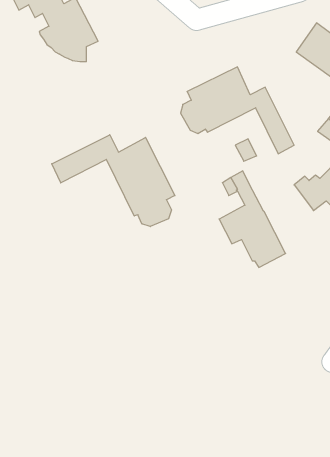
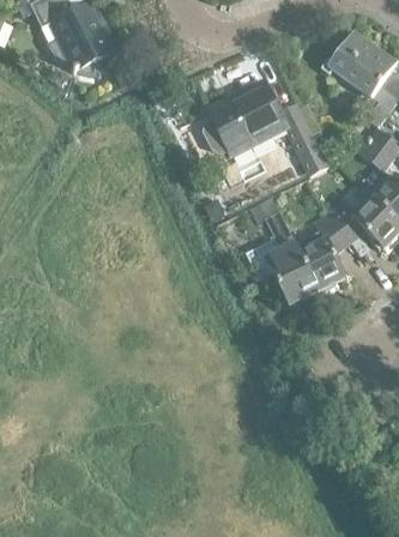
building: [52,135,175,227] -> none
building: none -> [297,211,352,288]

